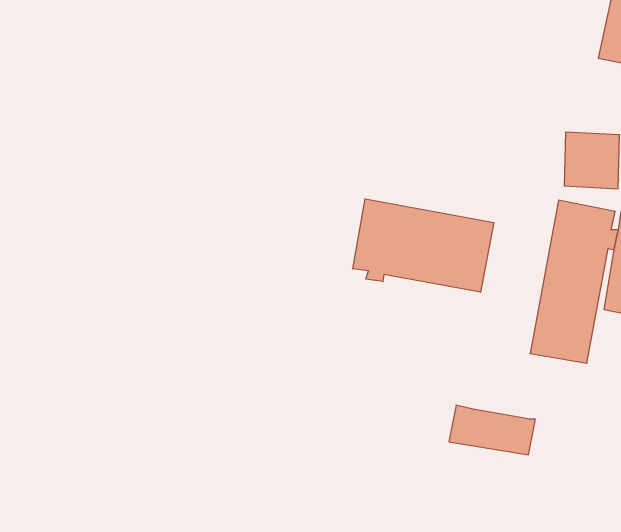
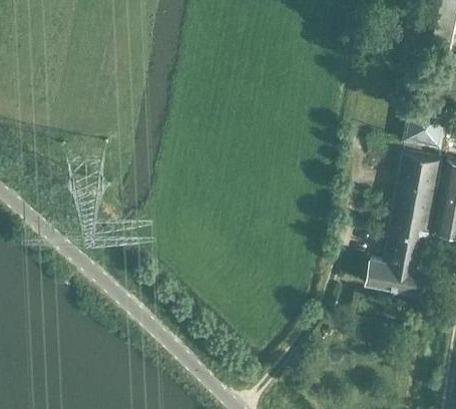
building: [353,199,494,292] -> none
building: [449,405,535,455] -> [365,259,426,294]

